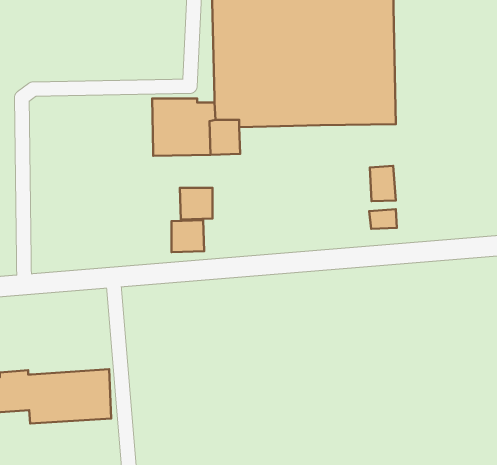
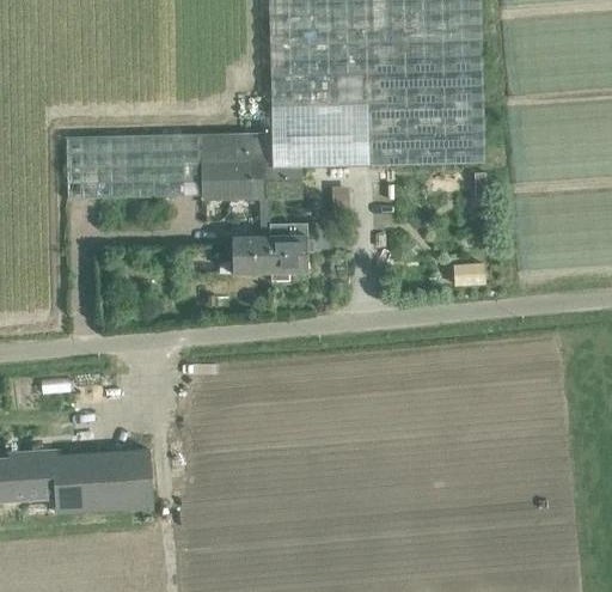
building: none -> [66,133,201,199]
building: [370,166,396,201] -> none
building: [171,220,204,252] -> [270,236,308,273]

